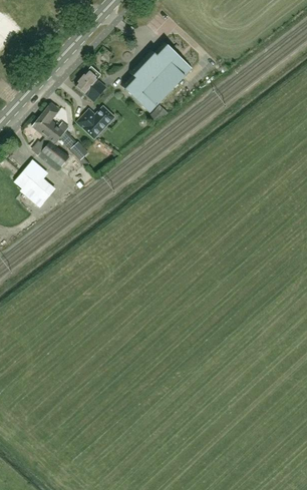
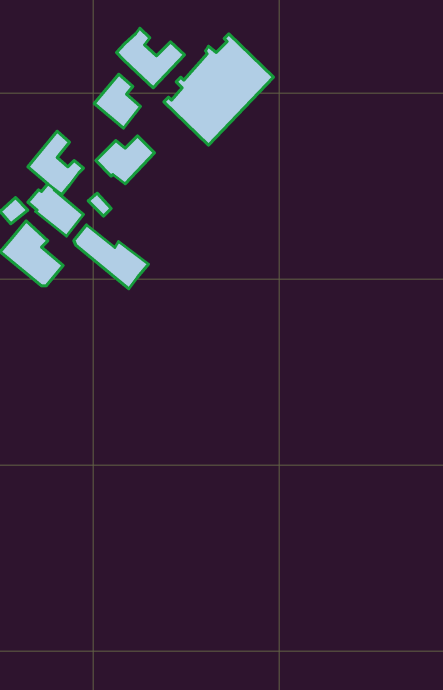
building: none -> [116,28,184,88]
building: none -> [74,225,148,289]

